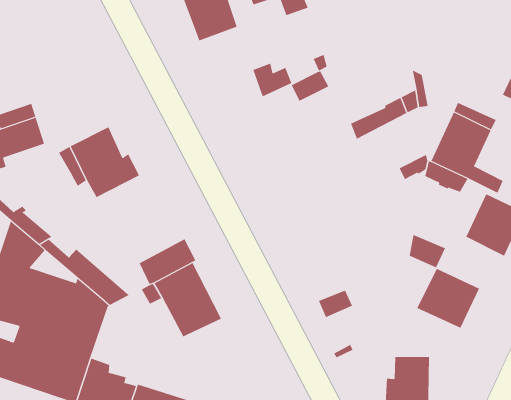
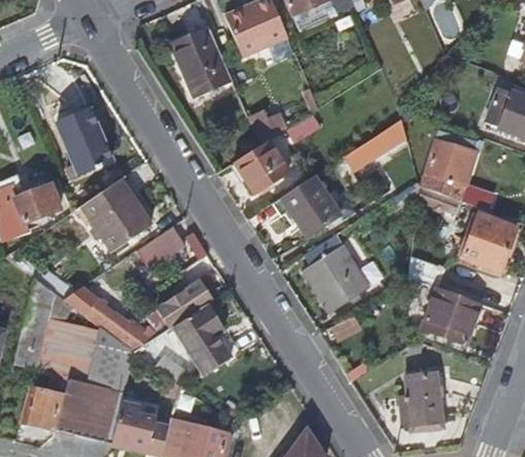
building: none -> [58,108,111,176]
building: none -> [234,139,291,194]
building: none -> [281,176,342,236]
building: none -> [137,224,188,269]
building: none -> [302,234,367,311]

